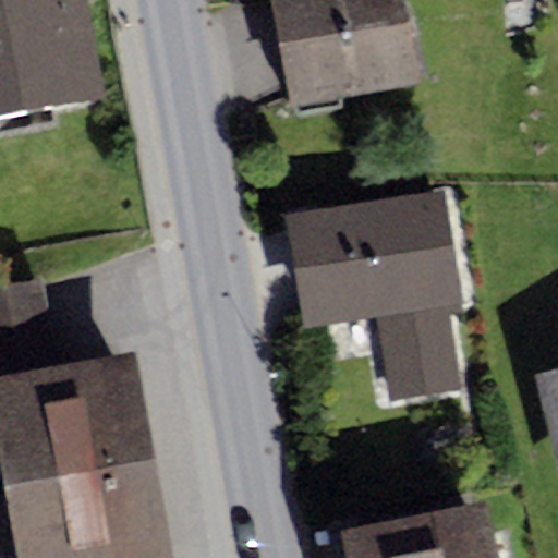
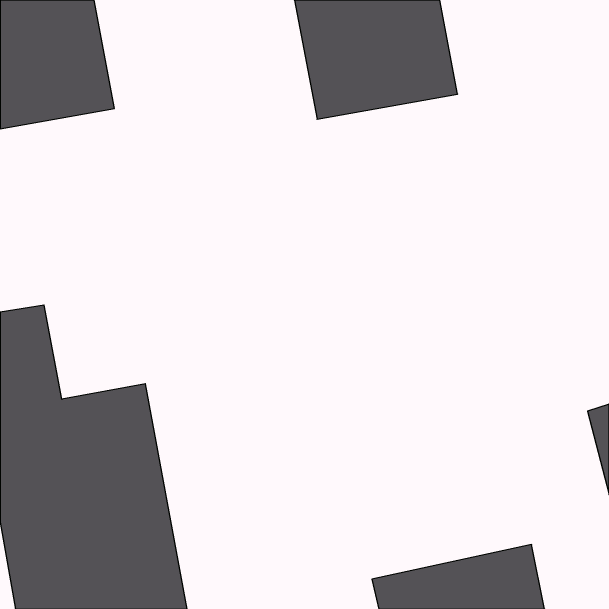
building: [287,191,463,401] -> none

